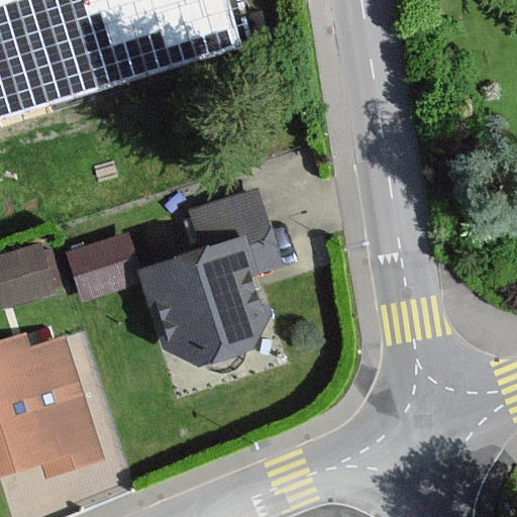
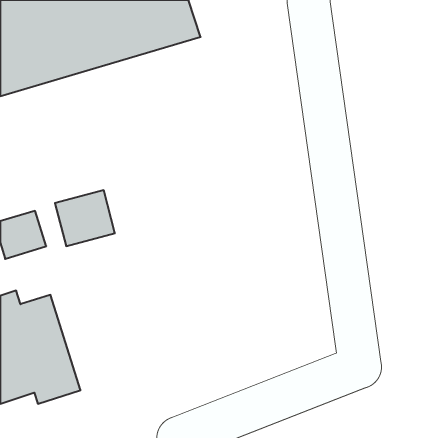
building: [143,195,274,363] -> none

